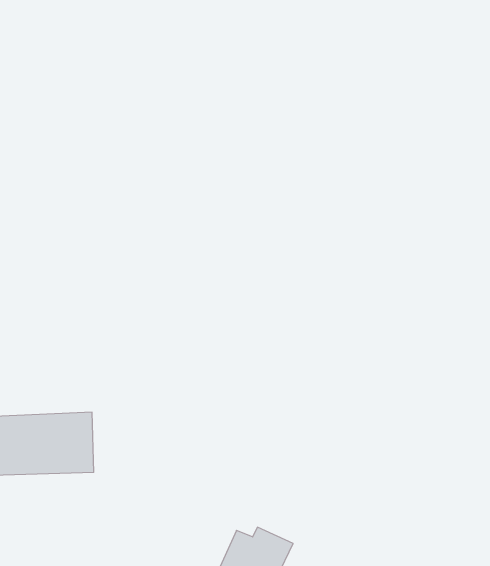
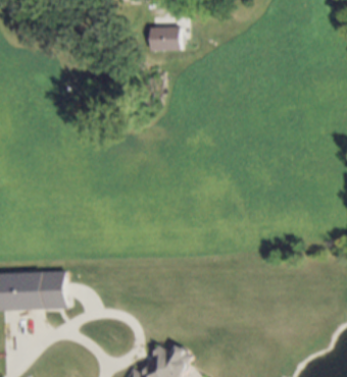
building: none -> [149,25,180,50]

